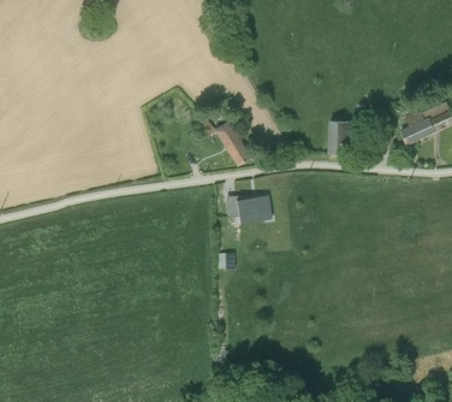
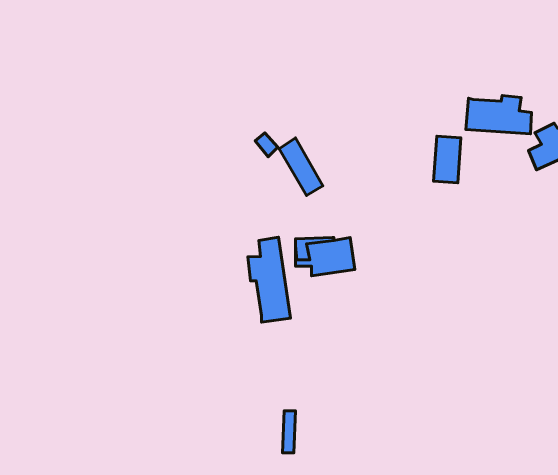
building: none -> [466,95,532,134]
building: none -> [248,237,290,322]

